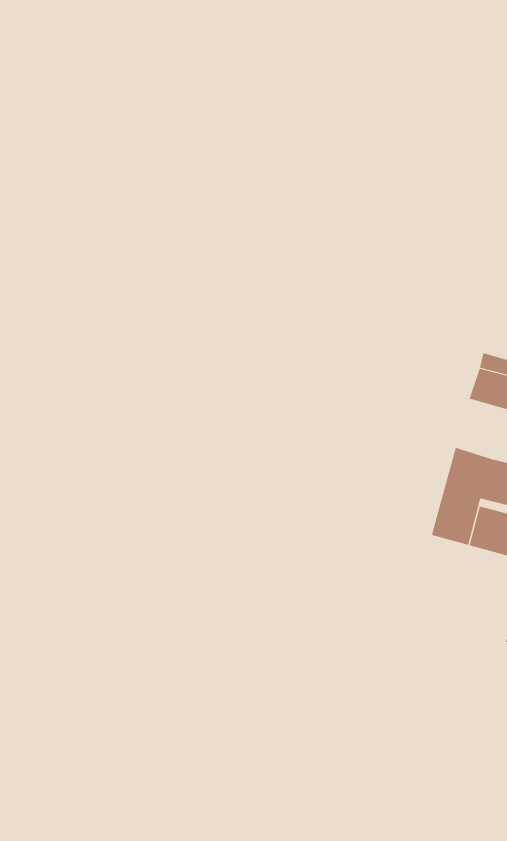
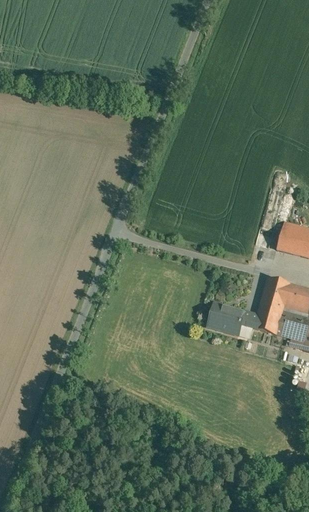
building: none -> [209,302,258,334]

